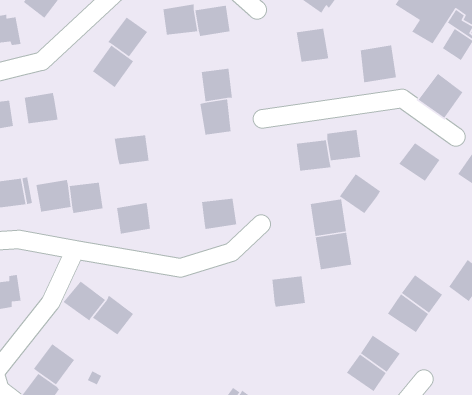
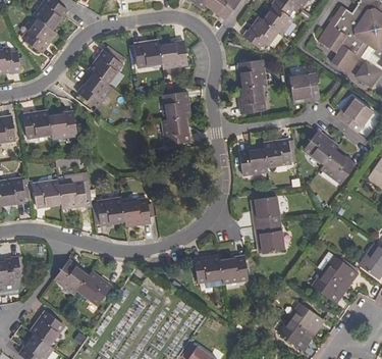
building: none -> [238,85,265,112]
building: [114,134,150,165] -> [48,112,76,137]
building: [339,173,381,214] -> [304,131,337,163]
building: [201,198,237,230] -> [122,199,151,224]
building: none -> [195,255,222,281]

